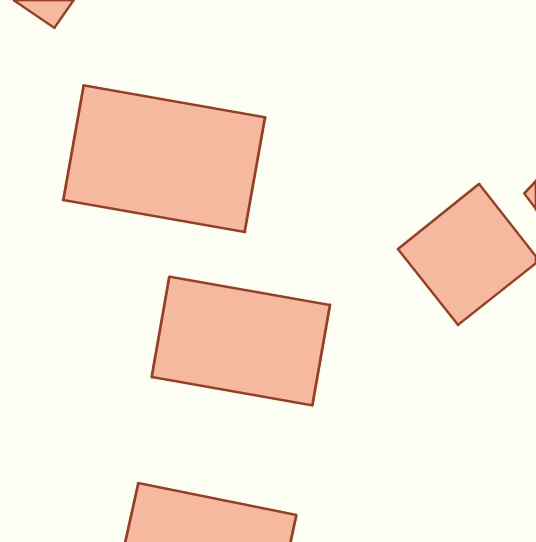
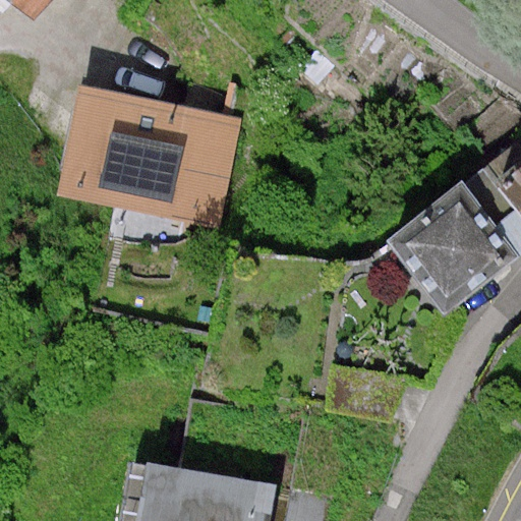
building: [152,277,330,405] -> none

